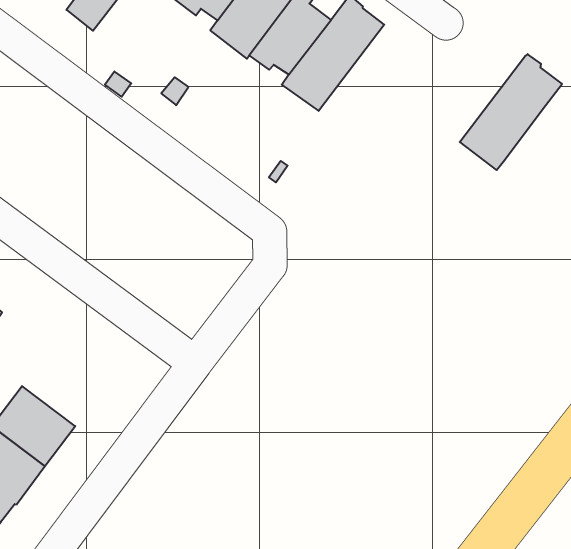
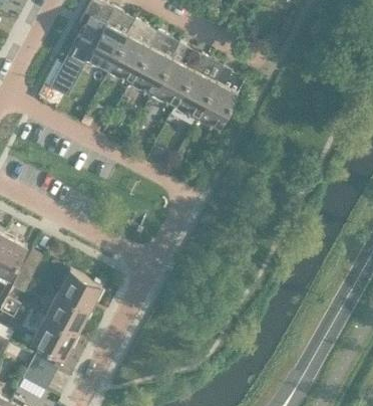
building: [460,54,562,170] -> [195,66,245,132]
building: none -> [58,270,102,311]

